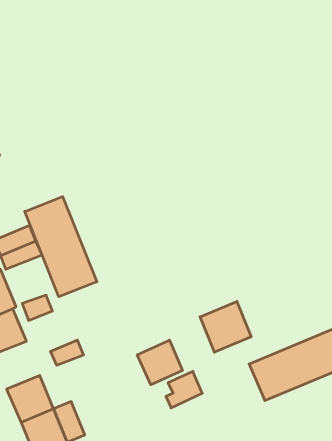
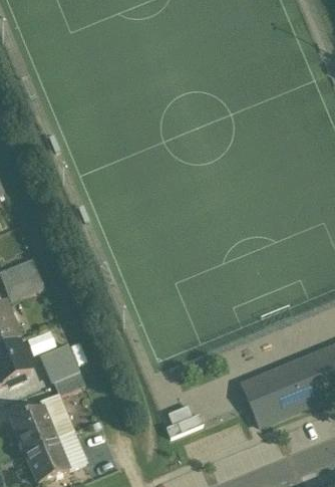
building: [25,197,97,297] -> none
building: [200,301,251,352] -> none
building: none -> [45,346,79,380]
building: [137,340,182,385] -> none
building: none -> [42,393,73,435]

